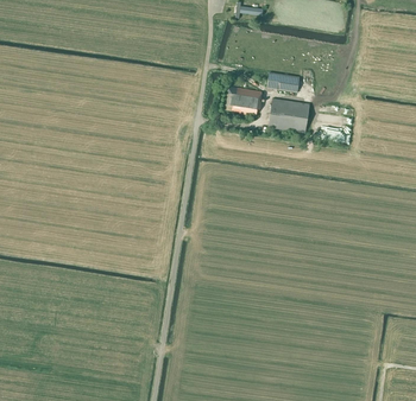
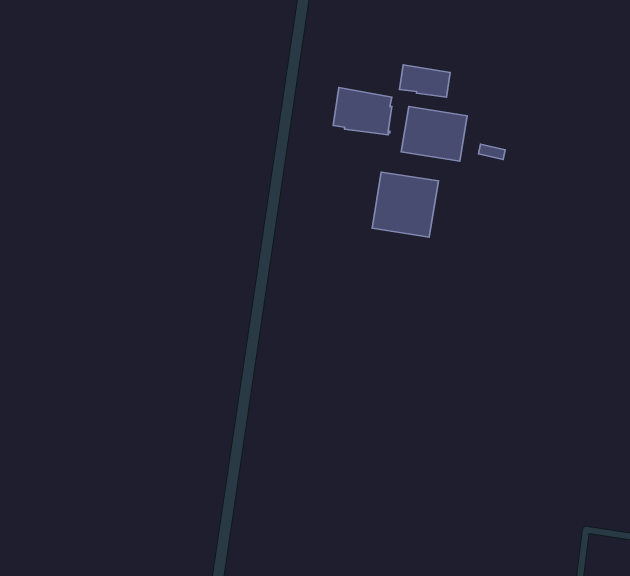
building: none -> [372,172,438,237]

